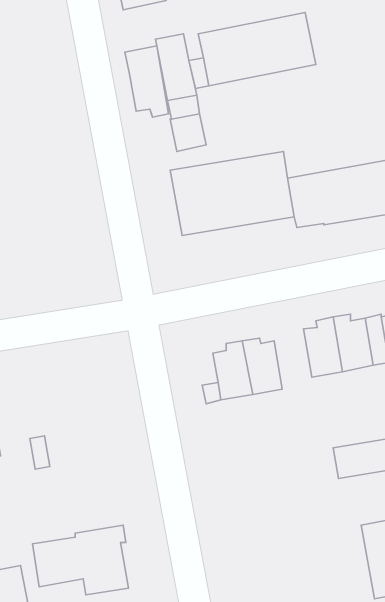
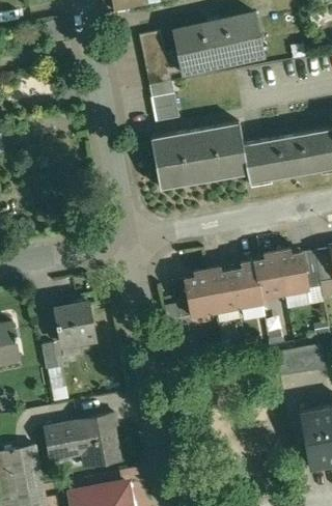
building: [125,46,168,117] -> none
building: none -> [232,261,262,308]
building: none -> [54,304,95,343]

